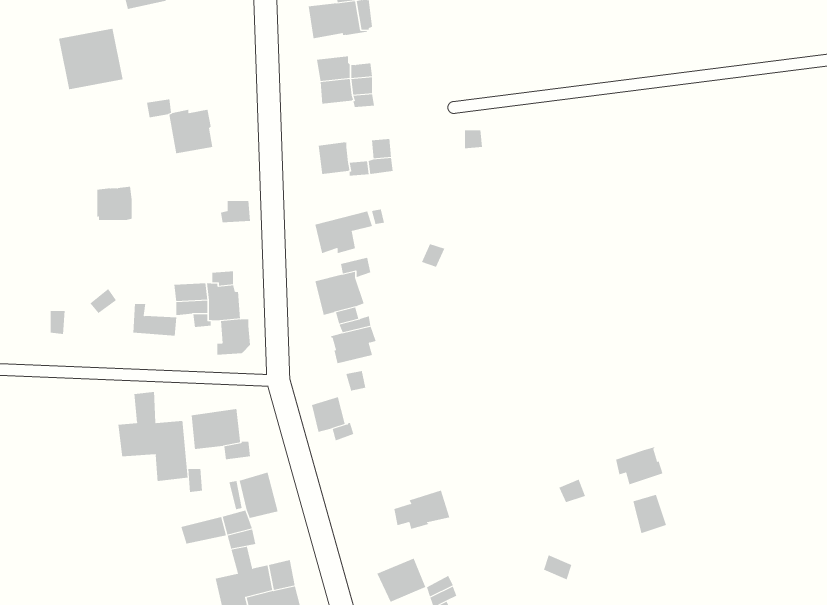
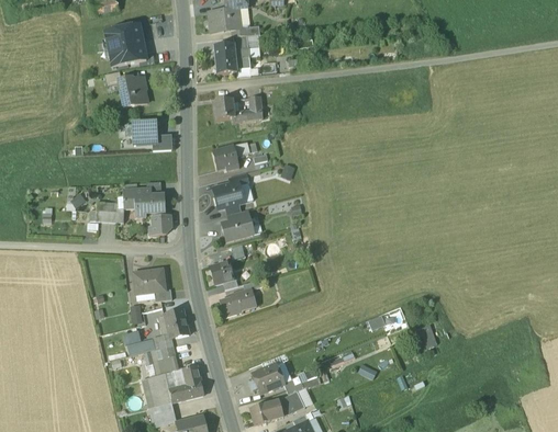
building: [58,28,123,90] -> [104,26,146,66]
building: [97,186,133,221] -> [133,121,156,143]
building: [118,391,188,482] -> none
building: [615,447,663,485] -> none
building: [393,490,450,529] -> [220,287,256,312]

